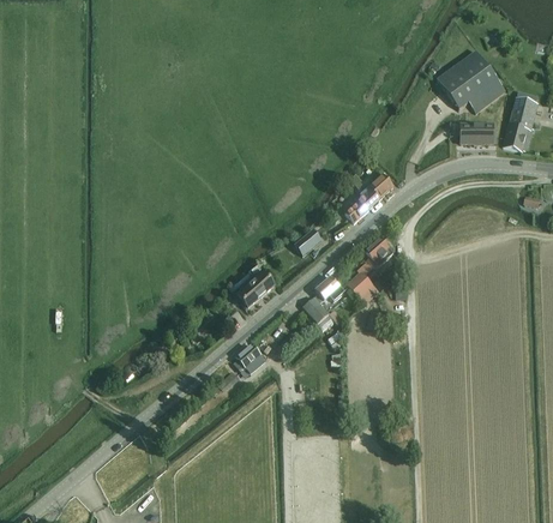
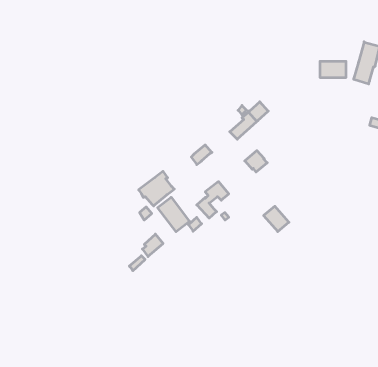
building: [438,49,506,112] -> none
building: [347,270,379,302] -> [264,206,289,232]
building: none -> [158,197,190,232]

